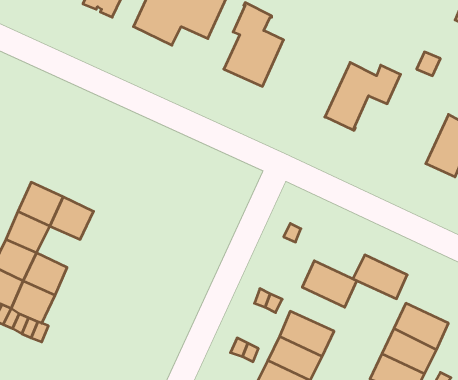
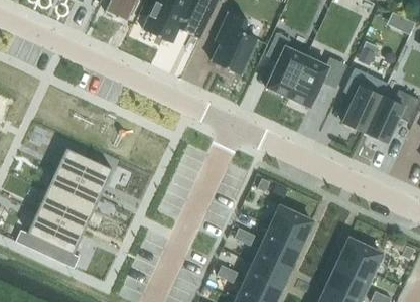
building: none -> [266,33,307,97]
building: none -> [342,68,382,132]
building: none -> [69,179,103,210]
building: [353,255,407,299] -> [262,225,303,259]

